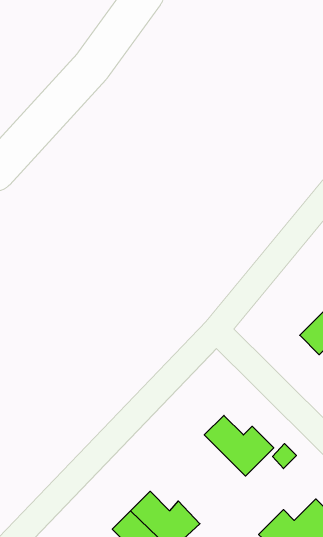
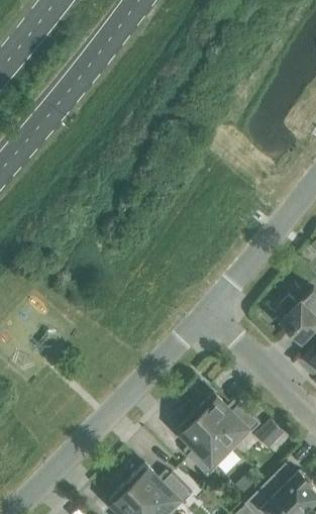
building: none -> [178,413,233,478]

